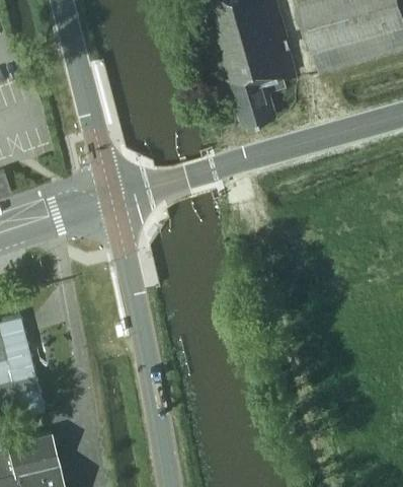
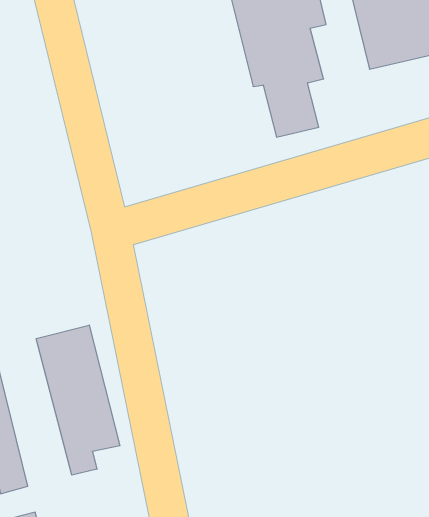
building: none -> [36,325,120,475]

